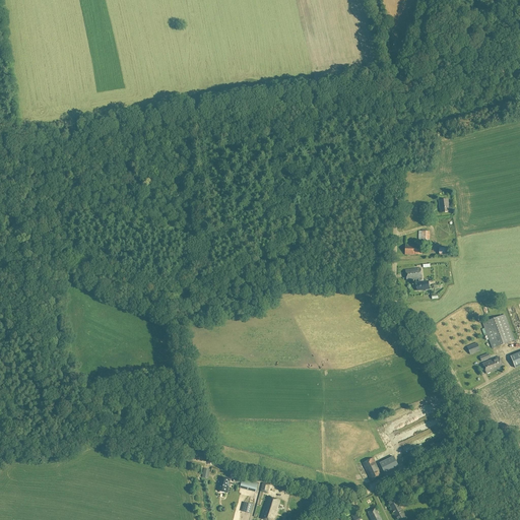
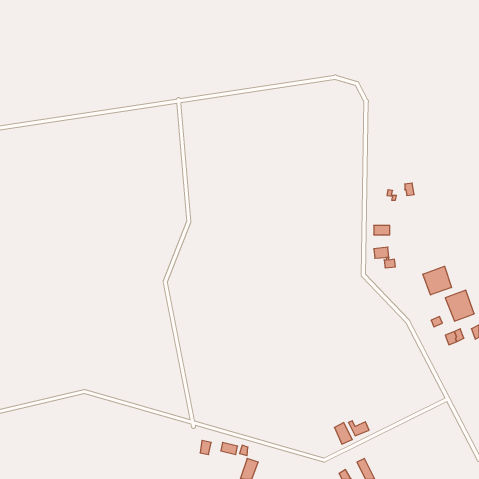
building: none -> [423,266,451,295]

